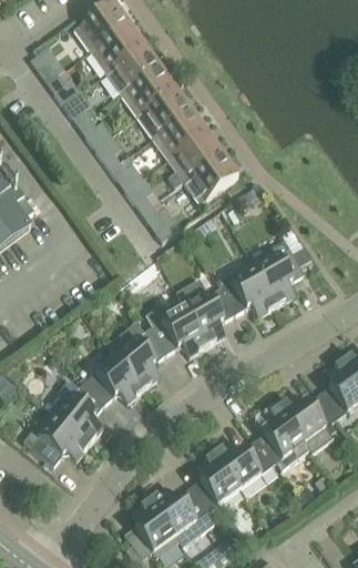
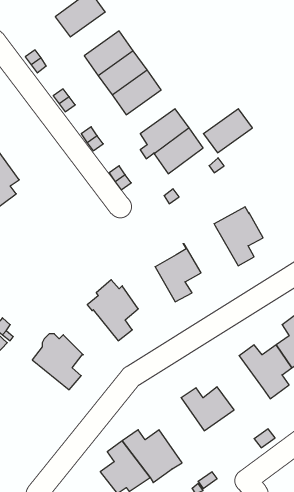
building: [91,24,145,73] -> none
building: [153,111,207,160] -> [203,109,252,153]
building: [217,262,277,317] -> none
building: [146,300,207,356] -> none
building: [83,355,144,405] -> none
building: [254,406,309,470] -> none
building: [23,410,90,467] -> none
building: [190,453,239,513] -> none

